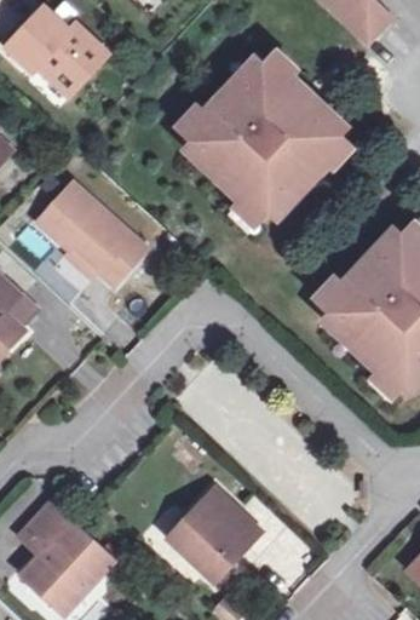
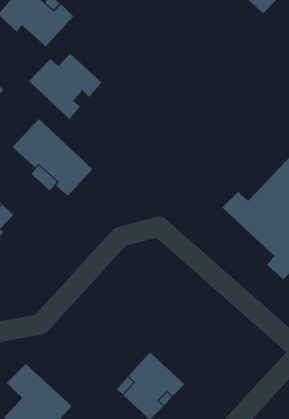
building: [169,51,349,224] -> none
building: none -> [28,53,102,120]

